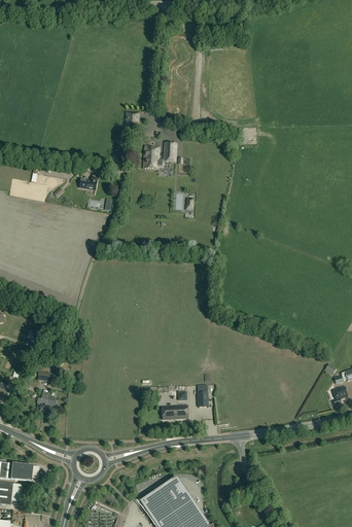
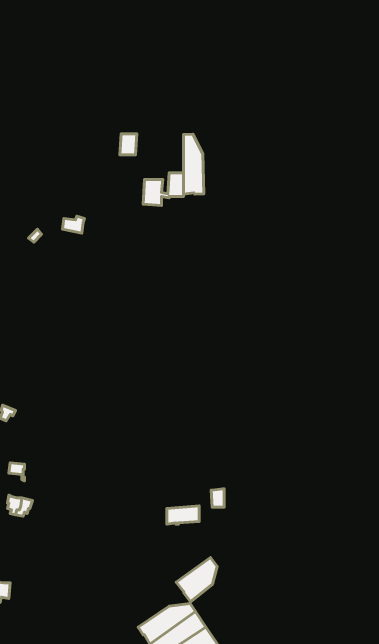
building: none -> [184,134,204,194]
building: none -> [176,558,217,602]

